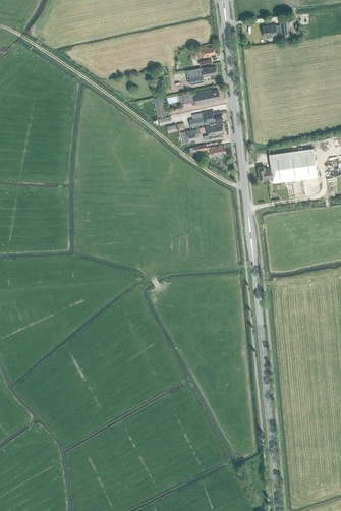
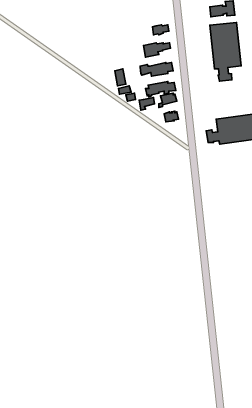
building: none -> [210,22,241,81]

